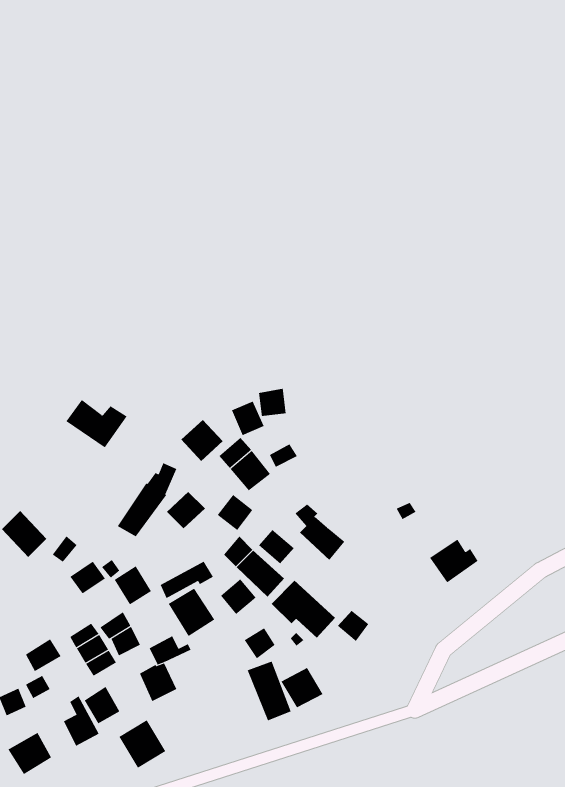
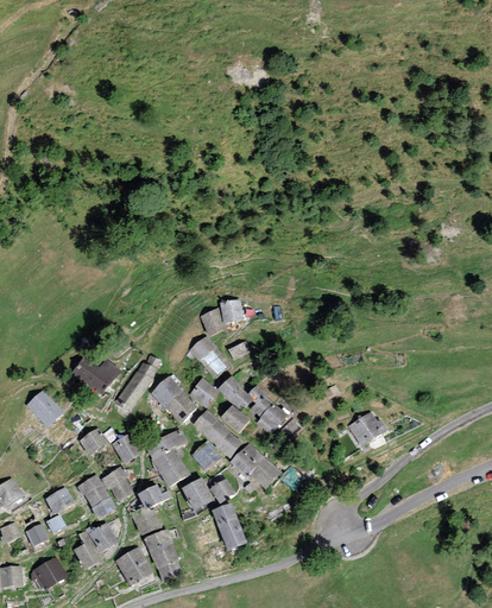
building: [66,399,127,448] -> [72,356,119,393]
building: [181,419,223,462] -> [165,390,197,422]
building: none -> [220,376,252,410]
building: [281,667,323,708] -> [182,477,214,508]
building: none -> [146,530,182,580]

